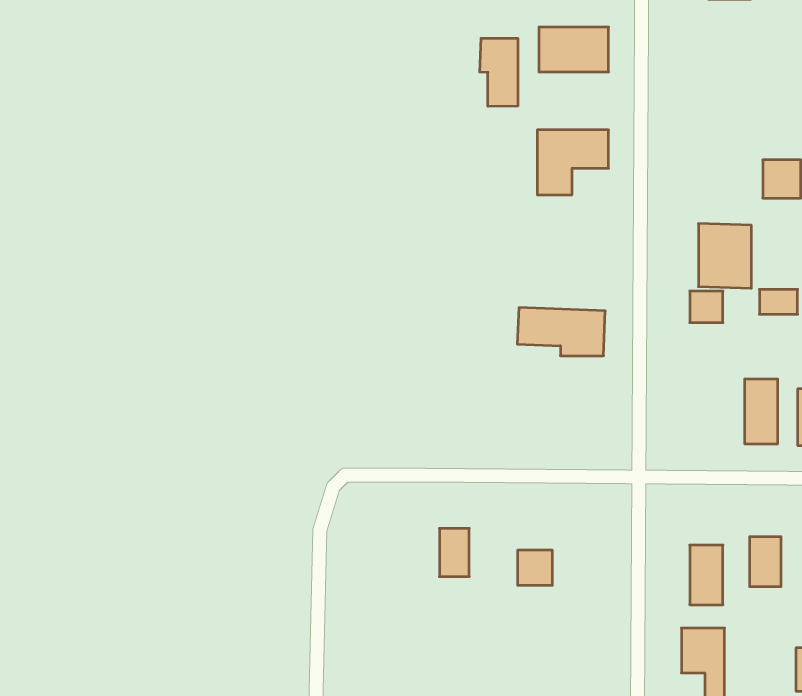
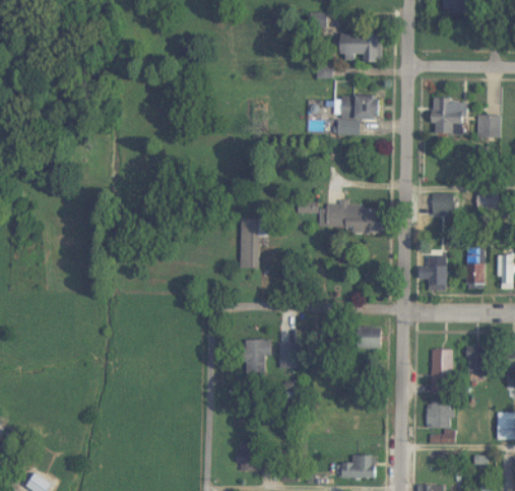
building: [480,38,518,106] -> none
building: [698,224,751,288] -> [432,97,464,136]
building: none -> [239,219,265,267]
building: none -> [417,256,446,290]
building: none -> [242,340,269,376]
building: [518,550,552,585] -> [361,327,382,349]

